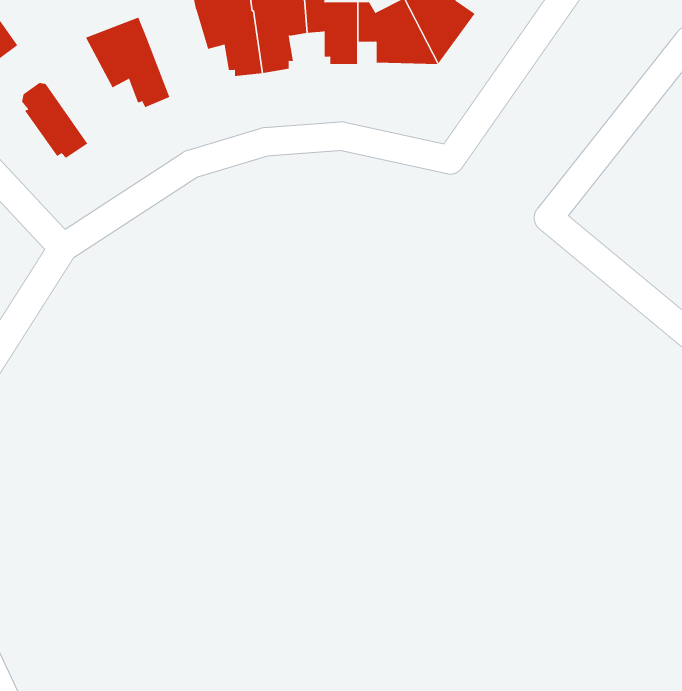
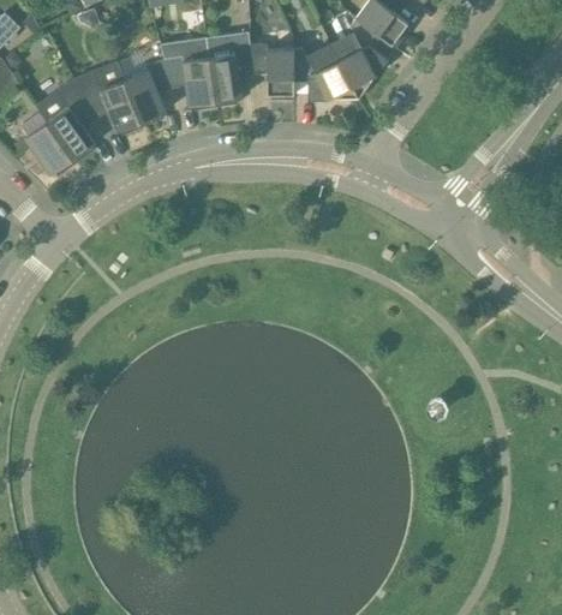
building: none -> [122,54,171,125]
building: none -> [34,77,94,162]

